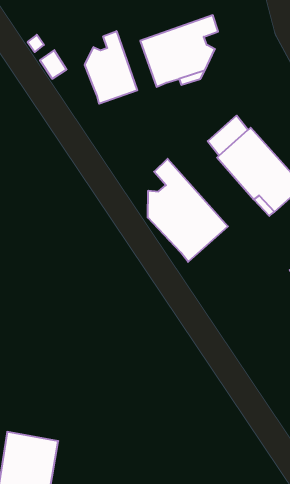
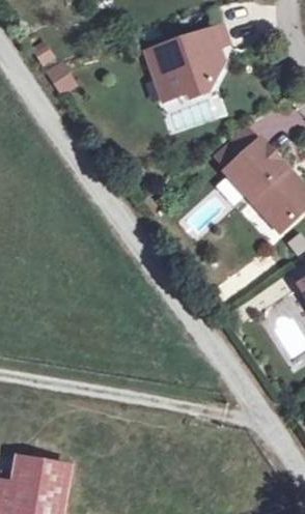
building: [85,31,137,104] -> none
building: [148,159,228,262] -> none

